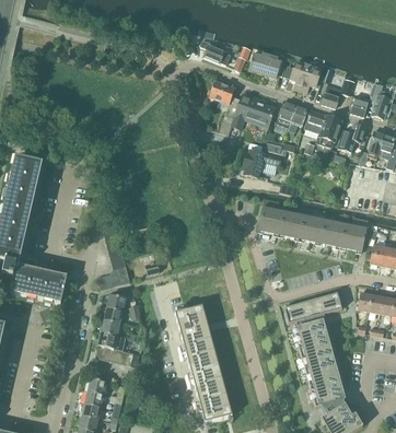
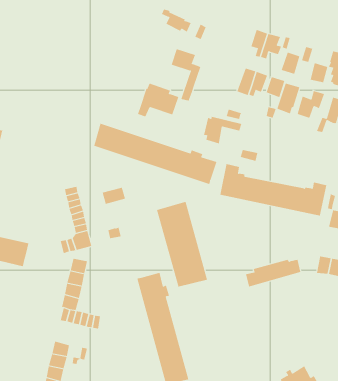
building: [251,55,284,78] -> none
building: [232,94,275,129] -> [137,83,179,117]
building: none -> [93,123,217,185]
building: [293,319,346,407] -> [156,201,208,287]

